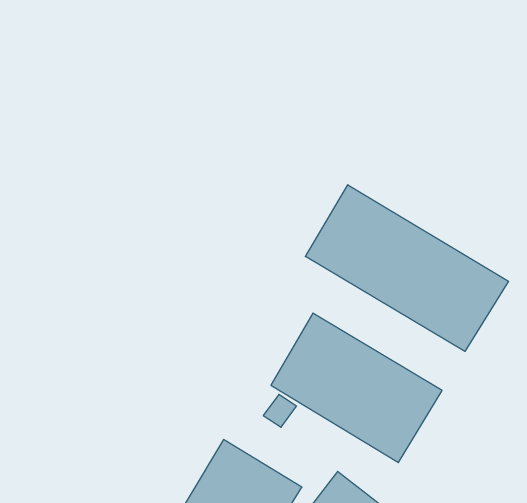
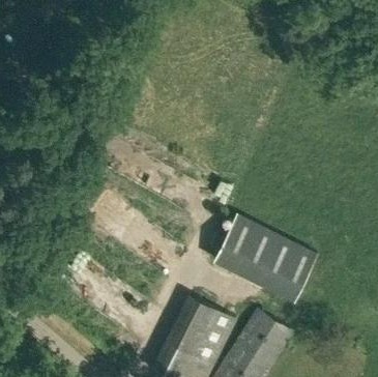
building: [305,185,509,351] -> none

